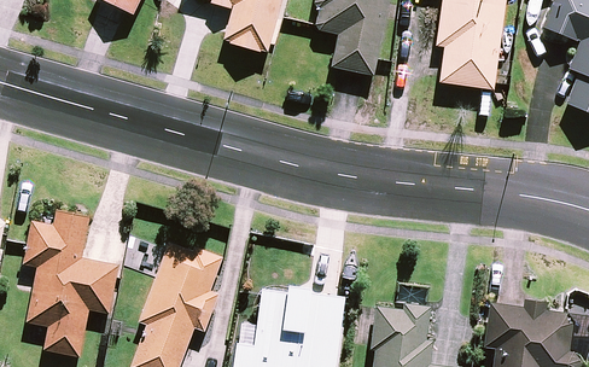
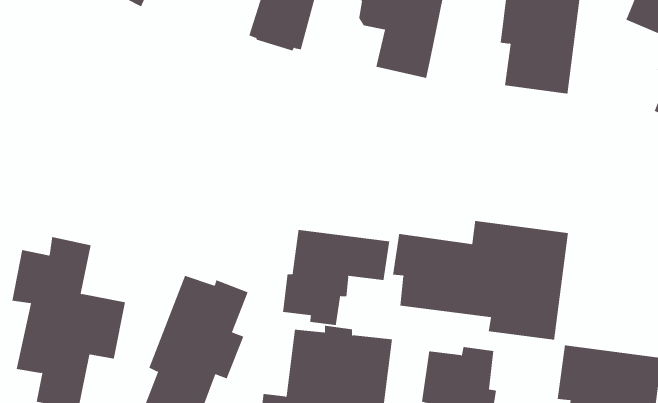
building: none -> [392,220,569,340]
building: none -> [283,229,390,326]

